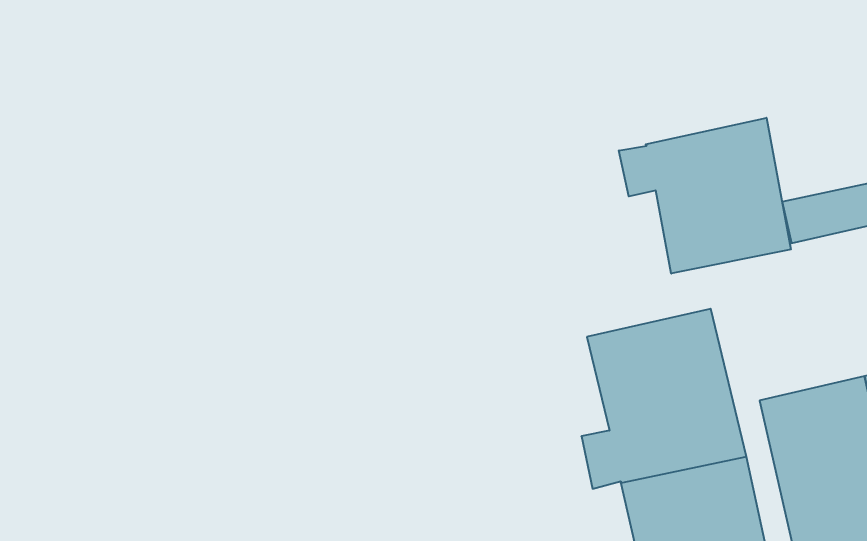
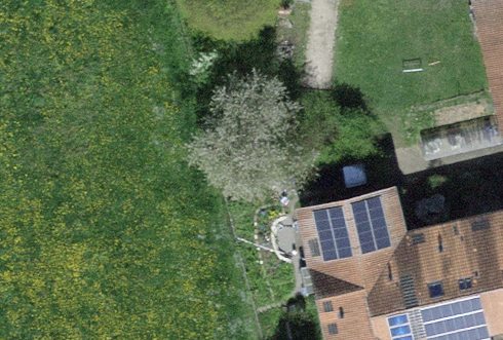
building: [619,118,791,274] -> none

